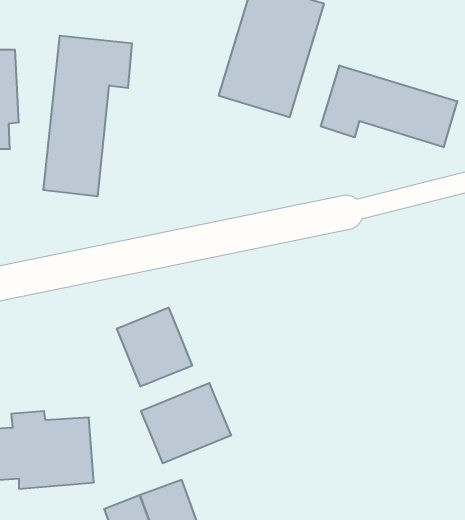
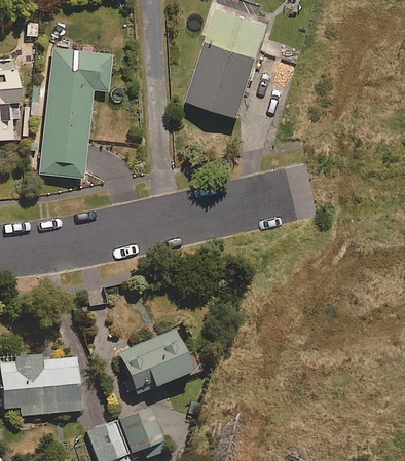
building: [321,65,457,147] -> none
building: [117,308,192,387] -> none

